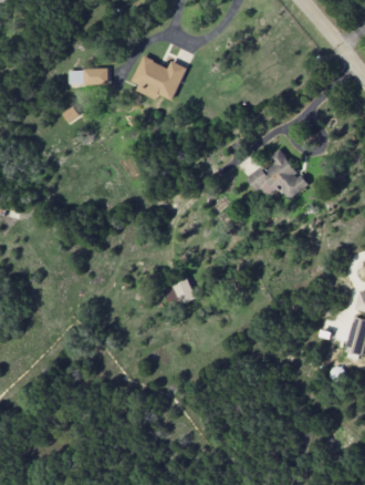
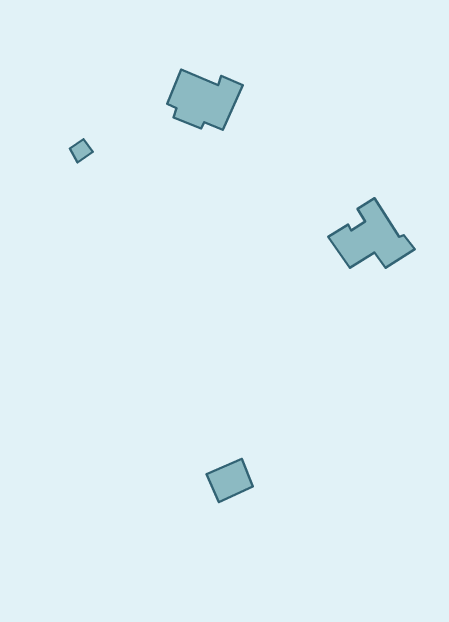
building: [69,68,109,85] -> none
building: [163,278,196,309] -> [206,459,253,502]

